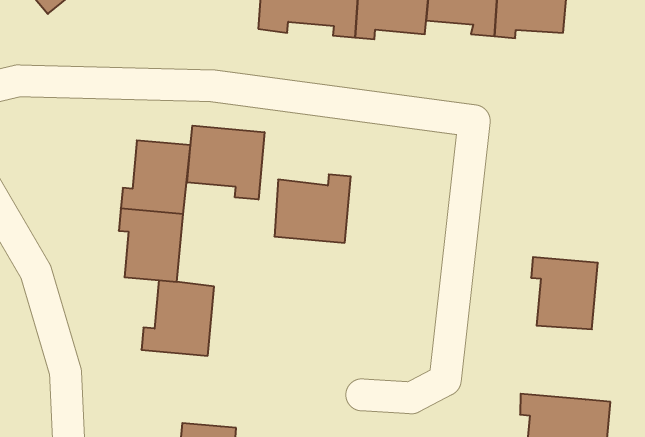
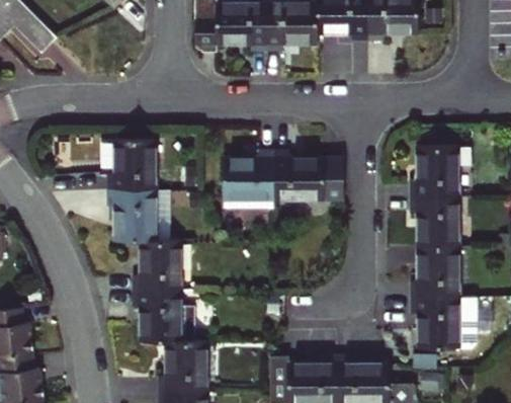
building: [187,126,264,200] -> none
building: none -> [273,153,343,202]
building: none -> [410,148,470,199]
building: none -> [411,248,458,300]
building: none -> [133,293,195,343]

